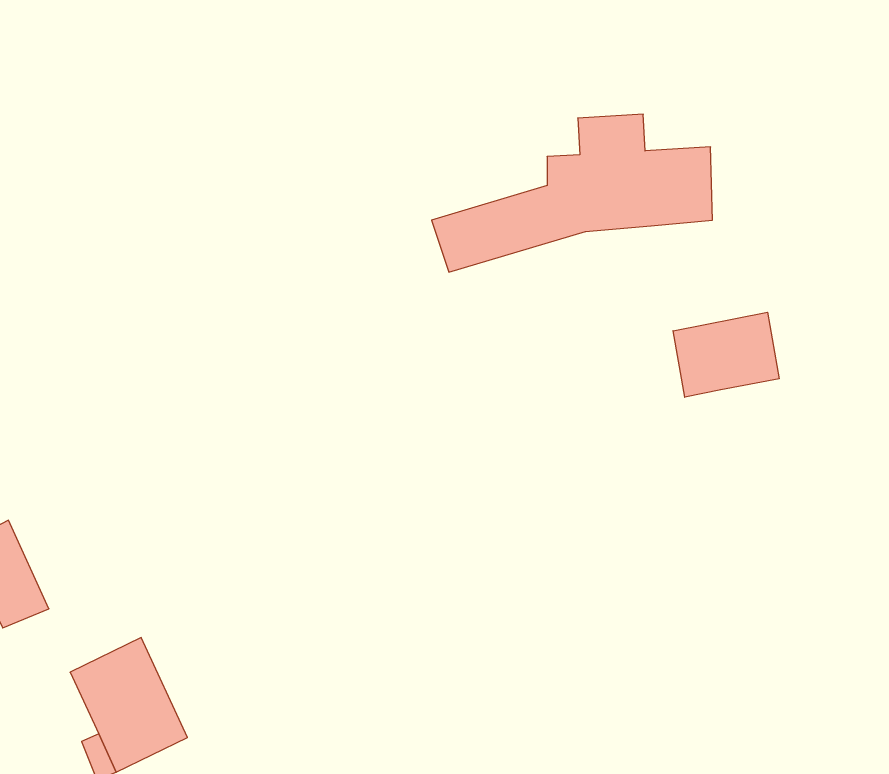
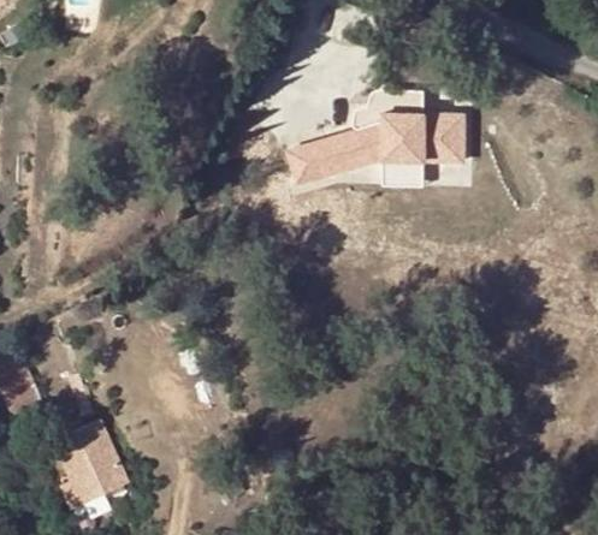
building: none -> [379,161,421,191]
building: [673,312,779,397] -> none

